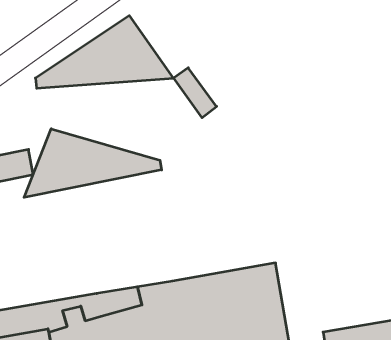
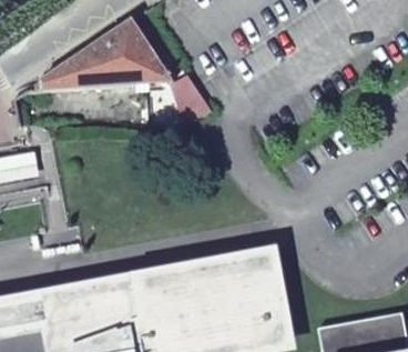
building: [24,129,162,197] -> none

